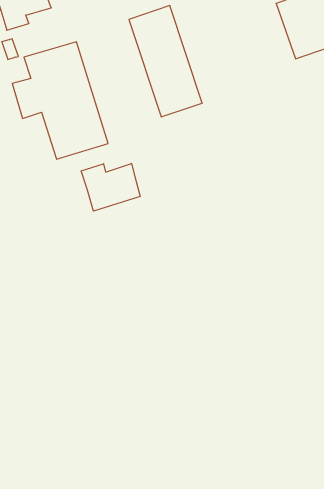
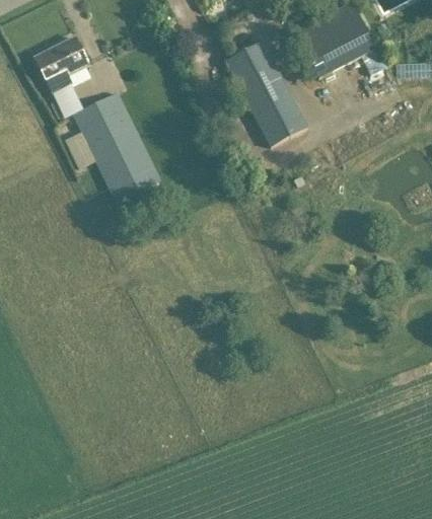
building: [129,6,202,117] -> [228,43,306,145]
building: [81,163,140,211] -> none

